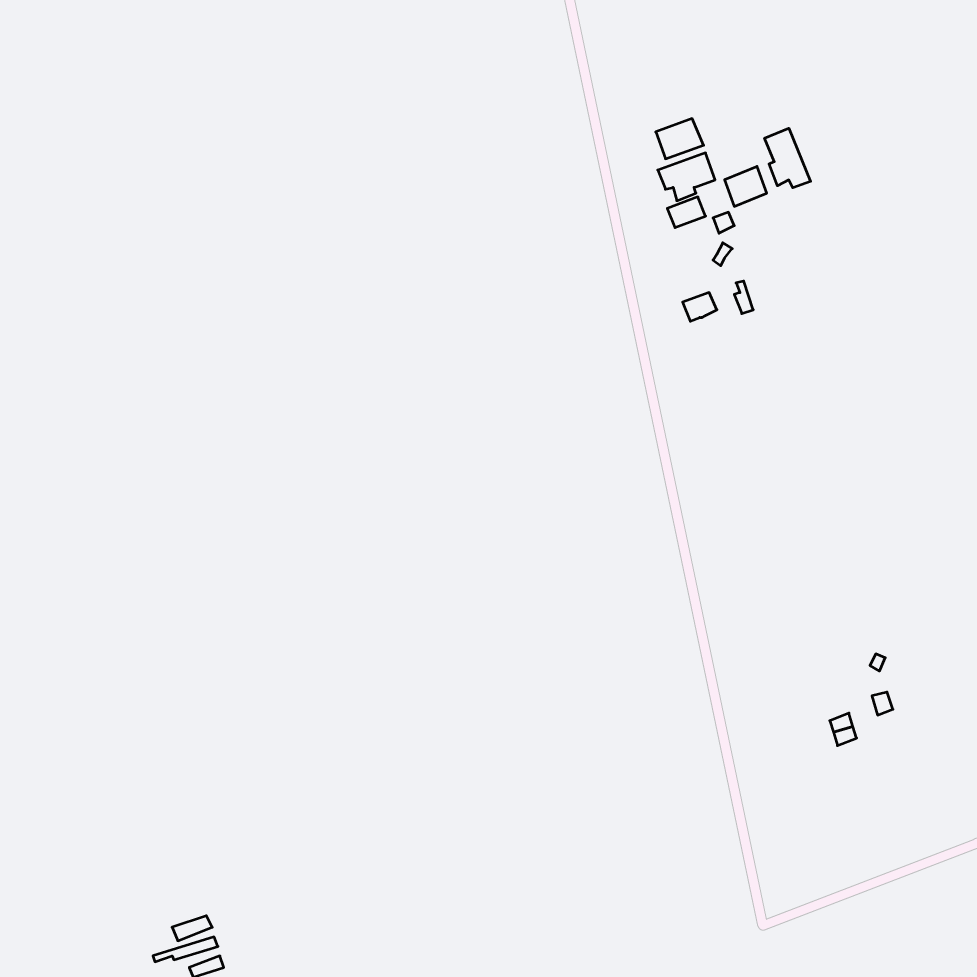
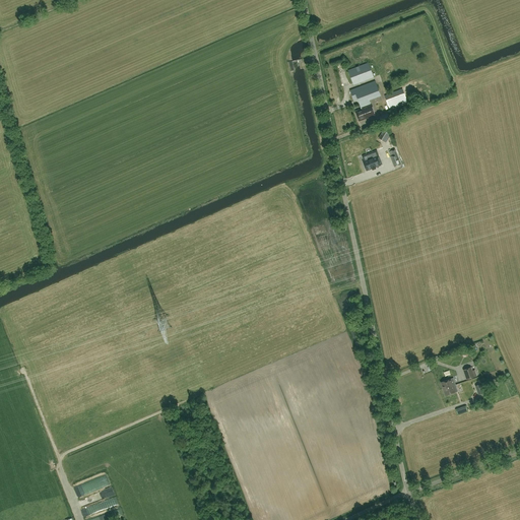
building: [765,128,811,188] -> none

